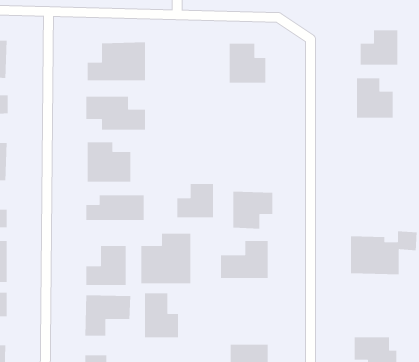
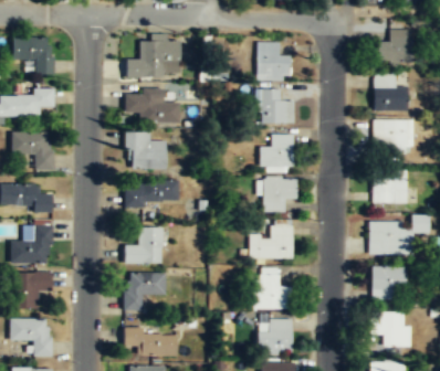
building: none -> [258,89,294,125]
building: none -> [374,120,411,153]
building: none -> [374,170,407,203]
building: [176,183,214,218] -> [259,135,293,167]
building: [140,233,191,284] -> none
building: none -> [371,266,407,297]
building: [144,293,179,338] -> [256,267,289,309]

